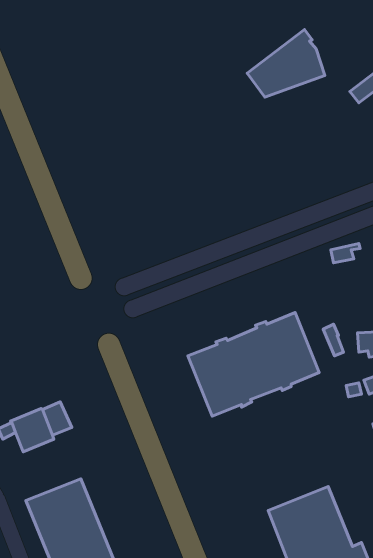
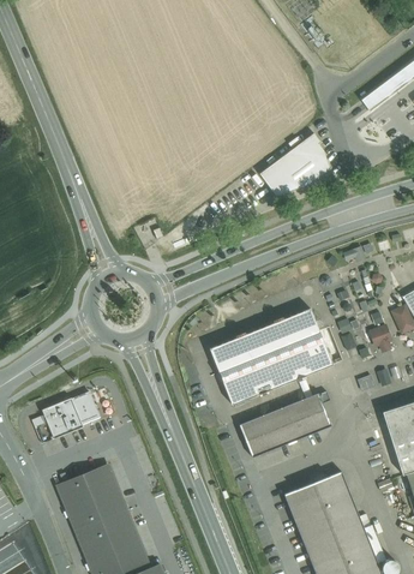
building: [247,30,325,97] -> [259,133,332,197]
building: none -> [239,391,331,458]

